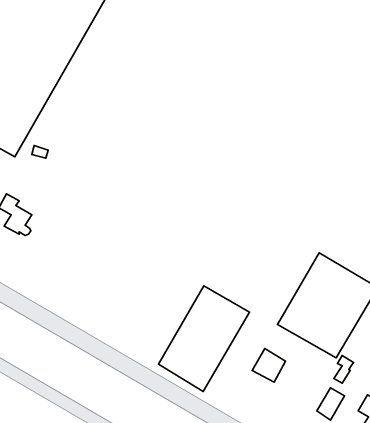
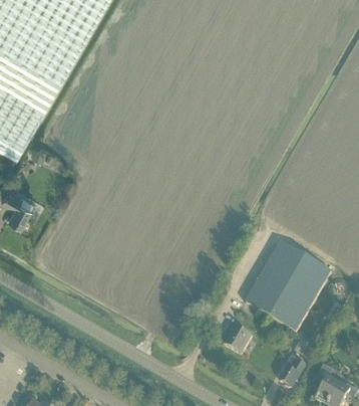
building: [159,286,250,392] -> none

